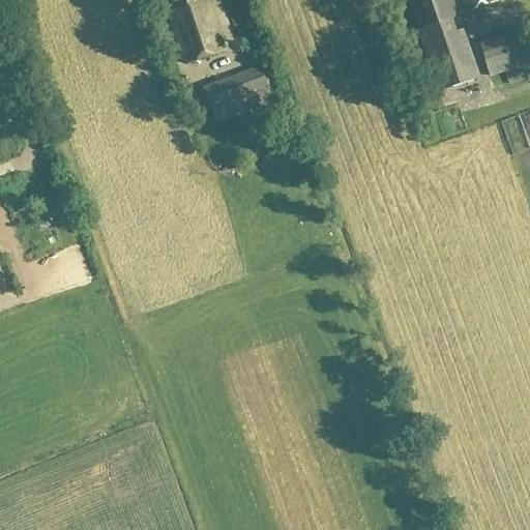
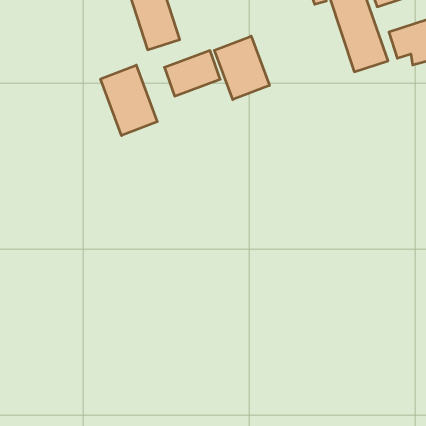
building: none -> [214,36,269,100]
building: none -> [101,65,157,136]

